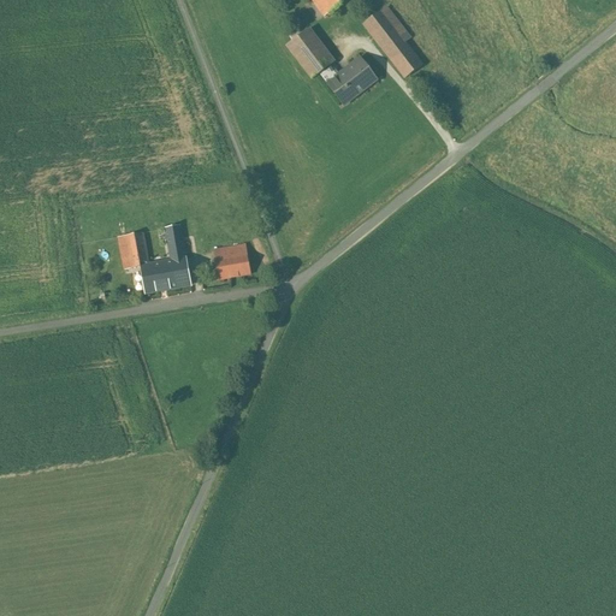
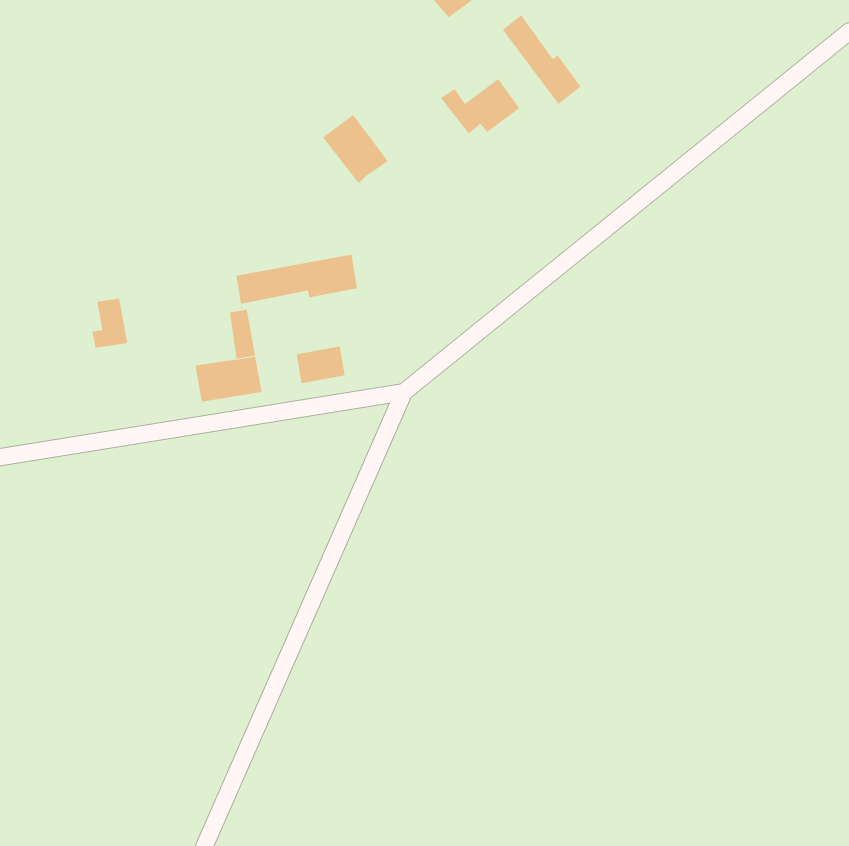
building: [286,26,334,77] -> [322,114,389,184]
building: none -> [236,254,358,310]
building: [122,231,148,267] -> [92,298,128,348]

